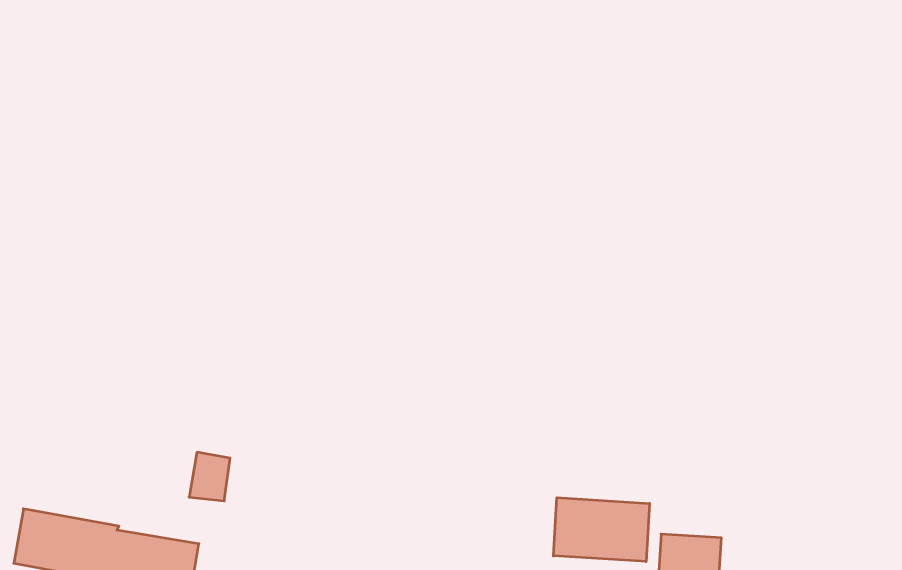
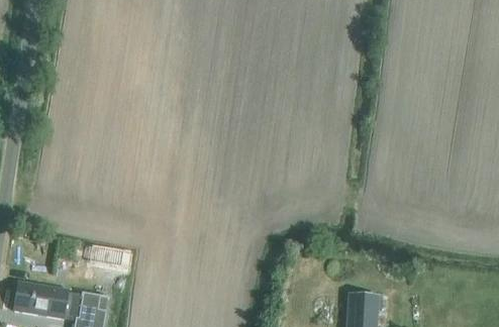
building: [553,498,650,562] -> none

